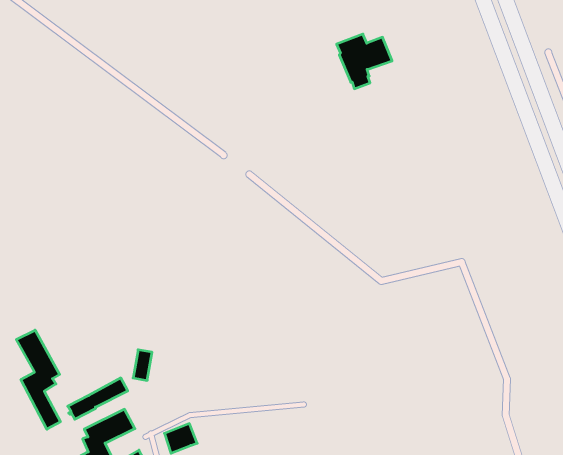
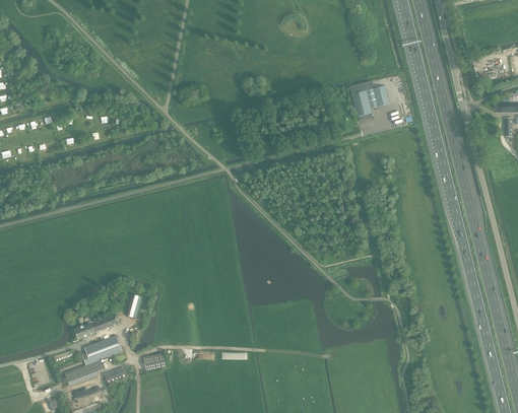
building: [337,34,392,89] -> [349,80,389,120]
building: [16,330,60,429] -> none

